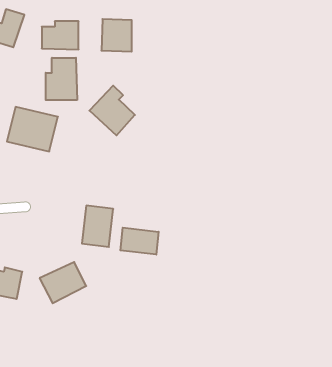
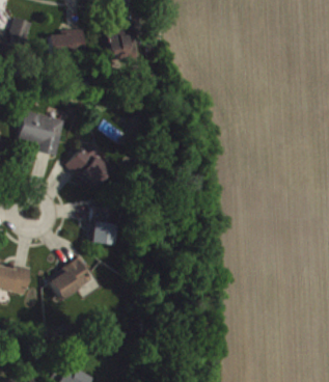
building: [46,58,77,100] -> none
building: [89,86,135,135] -> [66,142,110,190]
building: [120,228,159,255] -> none

